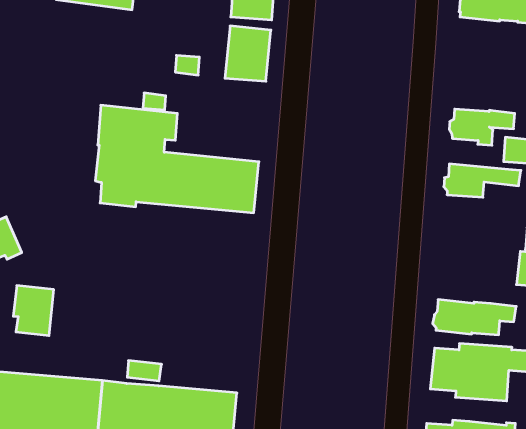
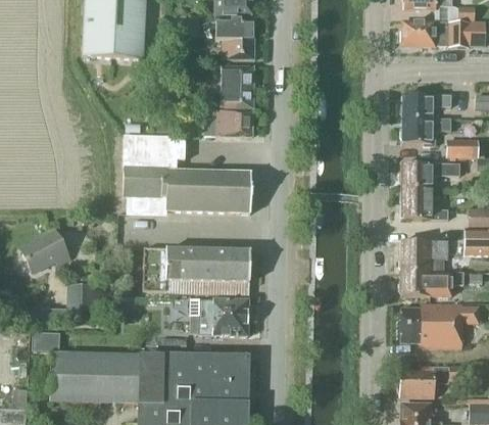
building: none -> [401,93,451,117]
building: none -> [205,108,253,135]
building: none -> [400,186,449,219]
building: none -> [144,247,250,293]
building: none -> [400,238,448,271]
building: none -> [191,298,249,335]

